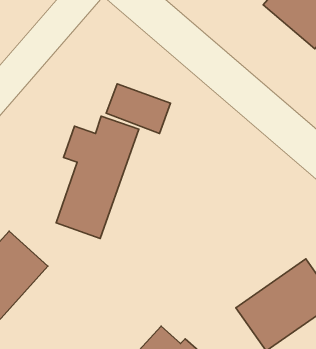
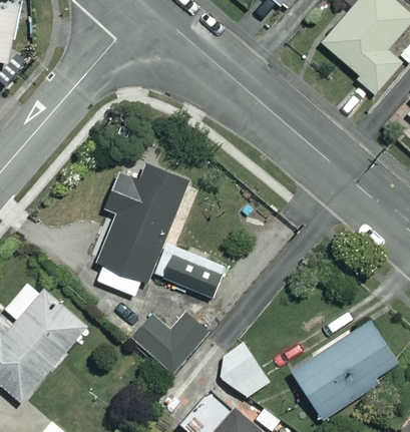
building: [106,84,171,133] -> [153,243,224,297]
building: none -> [132,314,209,374]
building: none -> [221,344,272,399]

